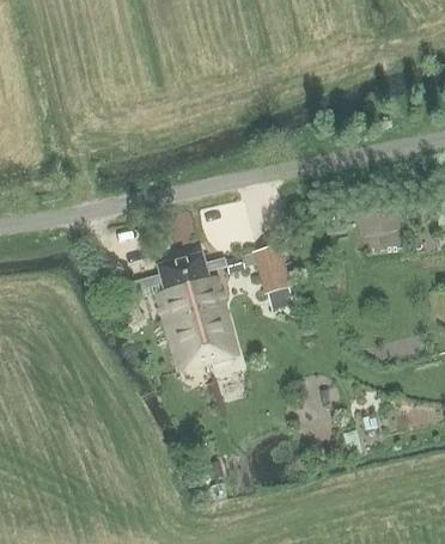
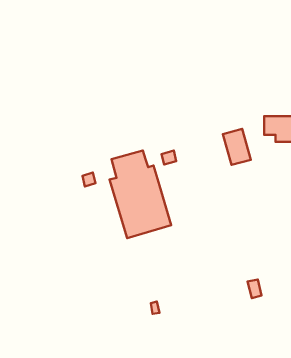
building: [254,245,292,294] -> [223,129,251,165]

